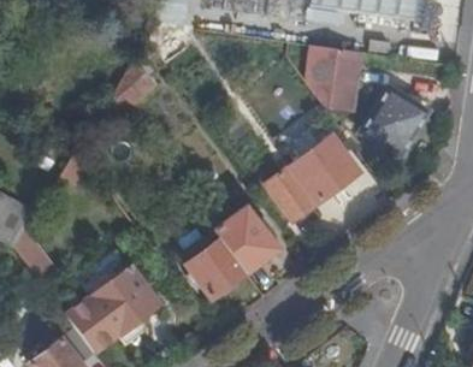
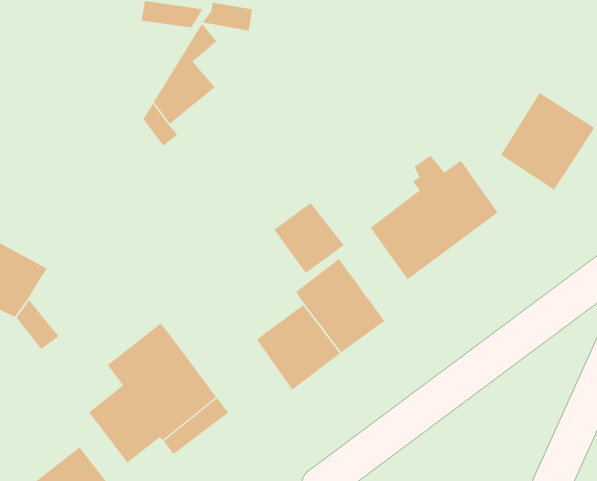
building: [307,45,361,111] -> none
building: none -> [274,202,345,274]

